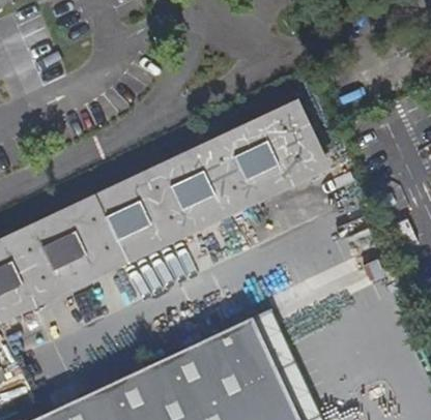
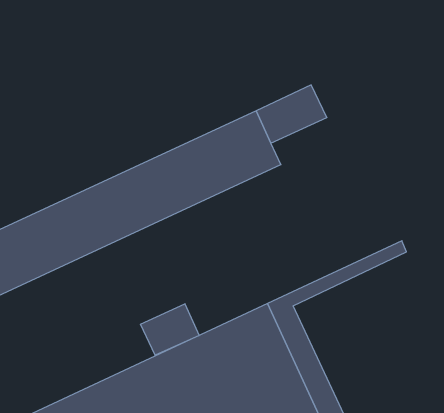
building: [256,145,316,188] -> none
building: none -> [140,304,199,355]

